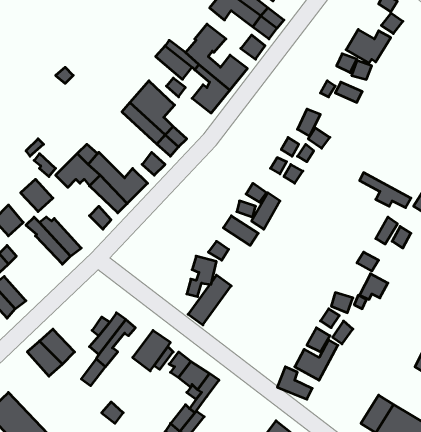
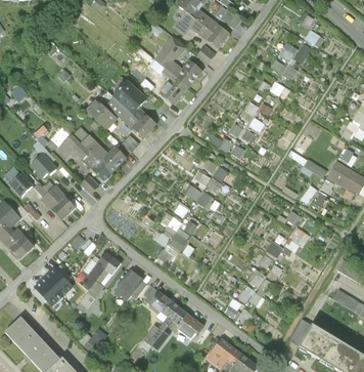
building: none -> [86,98,117,128]
building: none -> [171,306,203,338]

